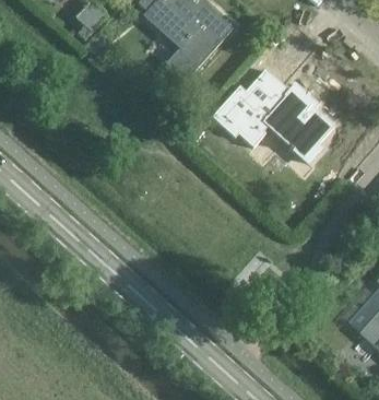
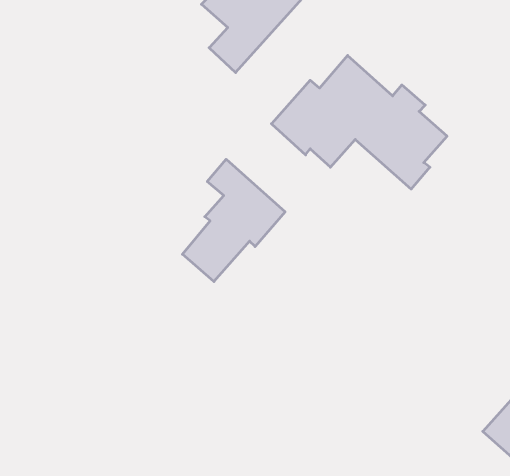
building: none -> [182,159,285,282]

